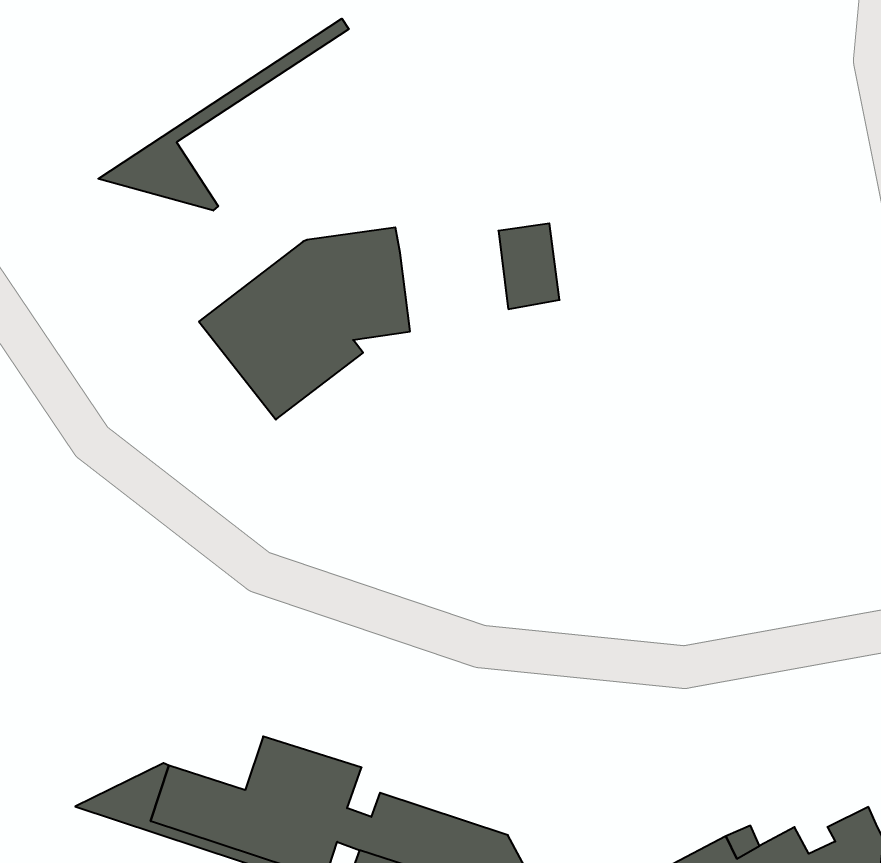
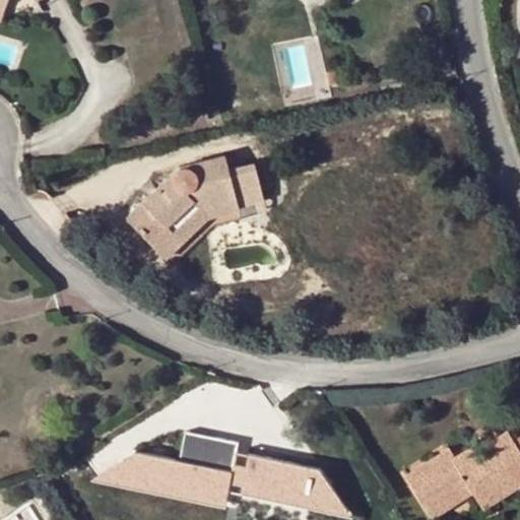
building: [98,19,349,211] -> none
building: [498,223,560,309] -> [226,162,263,210]

